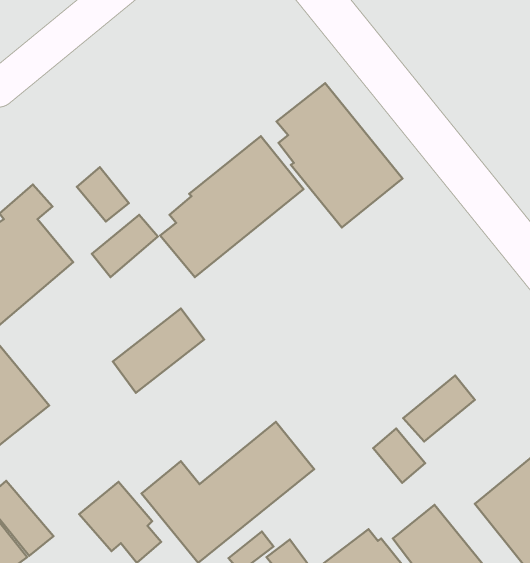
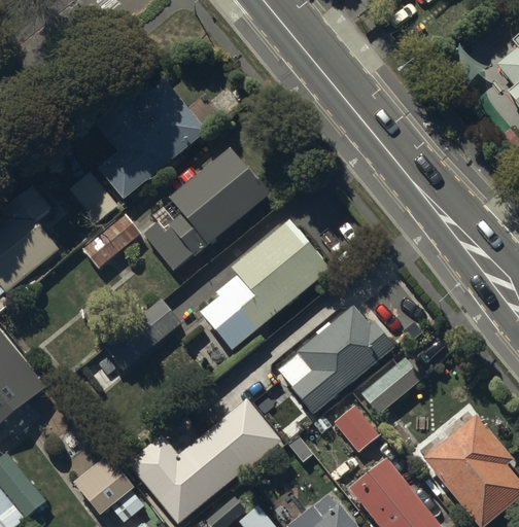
building: none -> [94,78,206,197]
building: [277,83,402,228] -> none
building: none -> [200,219,331,350]
building: none -> [277,304,393,414]

